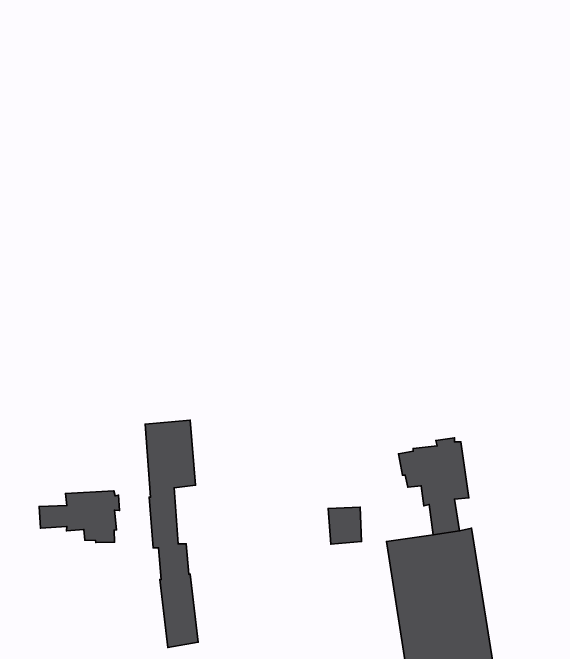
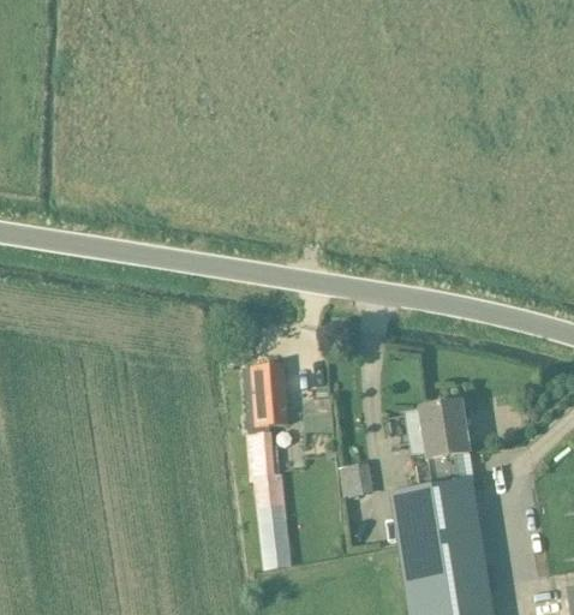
building: [145,420,198,647] -> [244,365,292,571]
building: [39,491,119,543] -> none

